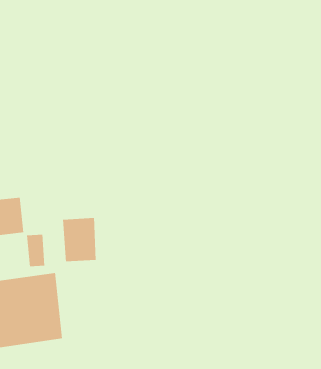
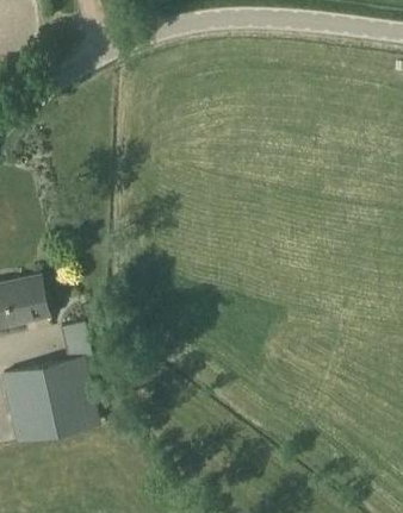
building: [63,217,96,262] -> none

